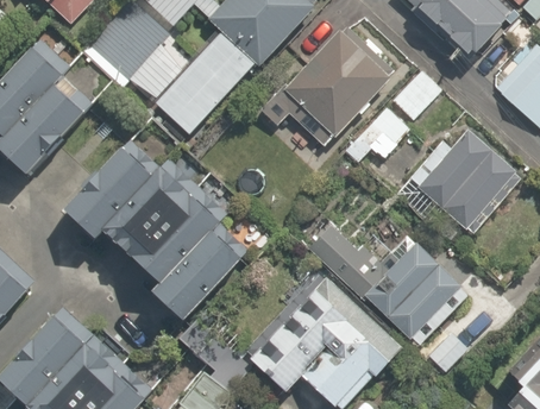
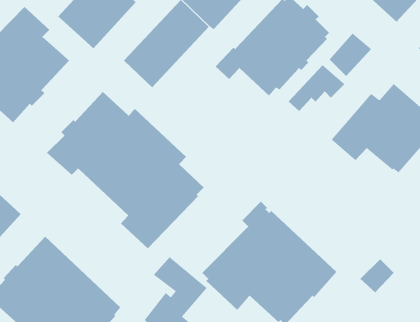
building: [307,225,467,345] -> none

